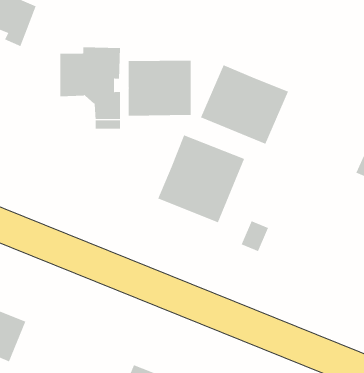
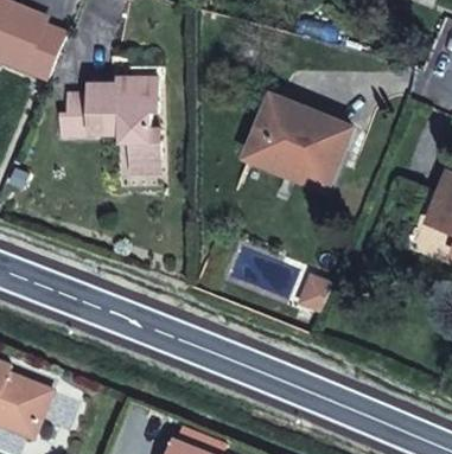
building: [128,60,191,116] -> none
building: [157,135,245,223] -> none

